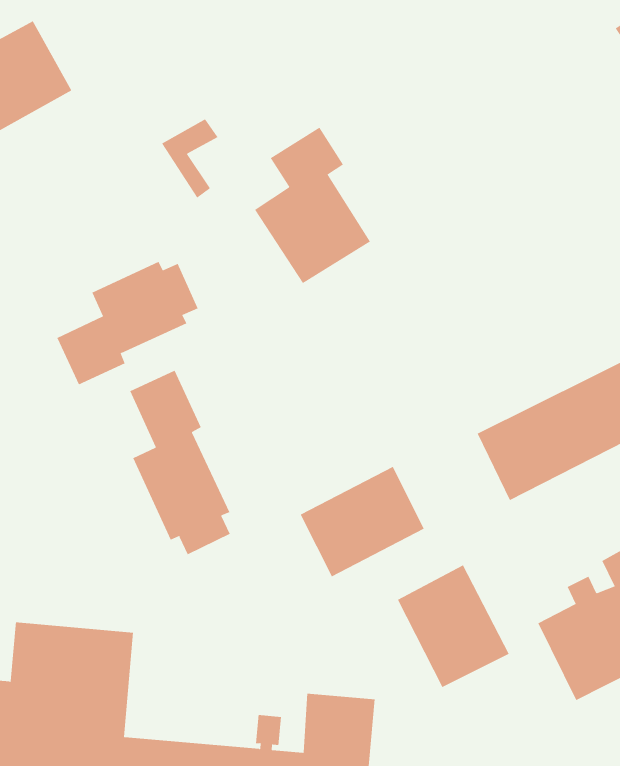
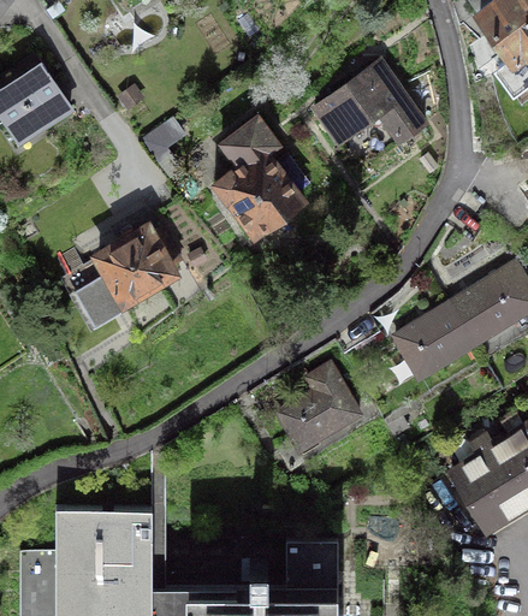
building: none -> [314,61,426,143]
building: [130,370,231,555] -> none
building: [397,565,510,688] -> none

